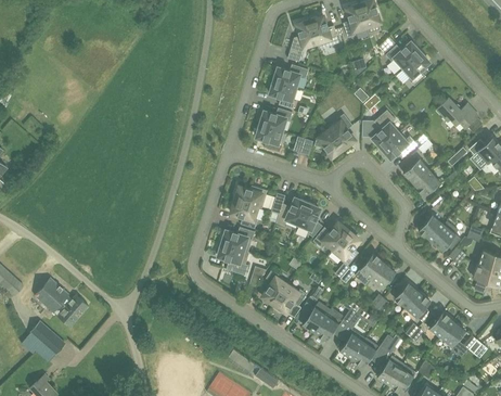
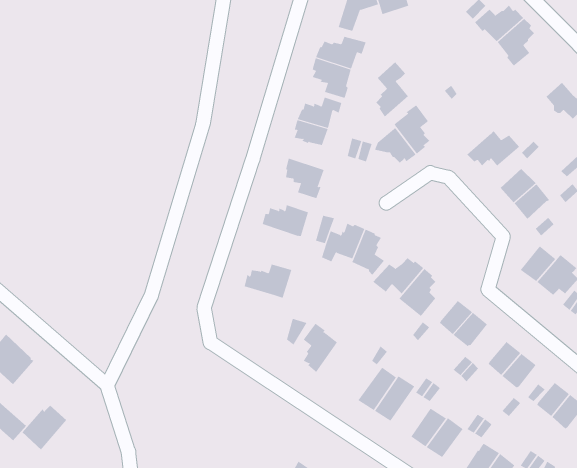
building: [373,108,397,149] -> [375,61,409,118]
building: [231,199,259,228] -> [285,158,325,199]
building: [218,243,249,276] -> none
building: [272,283,307,311] -> none
building: [55,294,88,327] -> [22,405,67,450]

